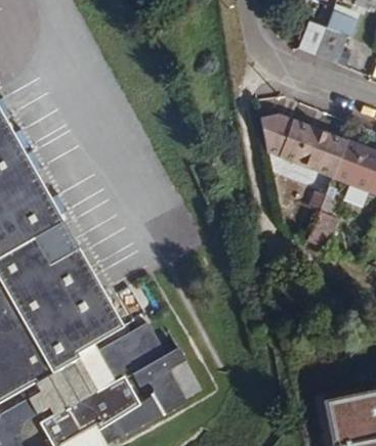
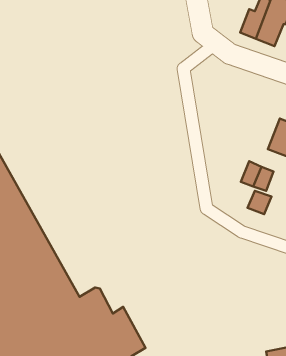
building: [259,116,343,176] -> none

